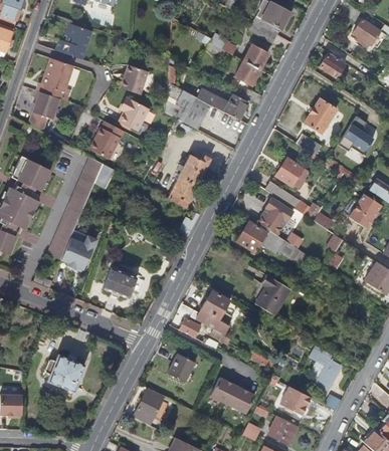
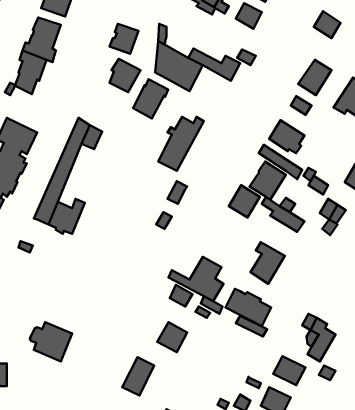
building: [234,59,260,85] -> none
building: [90,121,125,159] -> [133,79,168,118]
building: [103,267,137,298] -> none
building: [210,378,254,414] -> [226,289,271,326]

